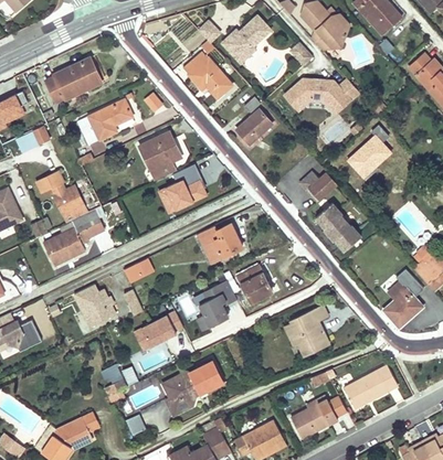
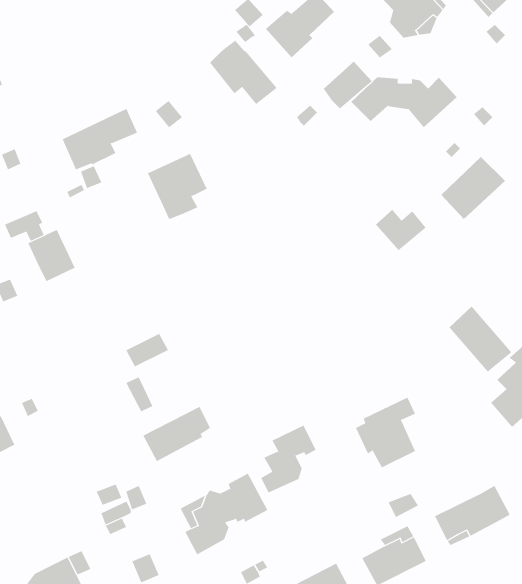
building: [45,57,102,101] -> none
building: [236,109,272,143] -> [323,61,372,109]
building: [159,164,207,208] -> none
building: [316,203,361,250] -> [449,306,512,372]
building: [44,211,106,266] -> none
building: [197,224,241,264] -> none
building: [239,265,273,302] -> none
building: [197,281,236,330] -> [260,425,316,493]
building: [73,286,115,328] -> none

